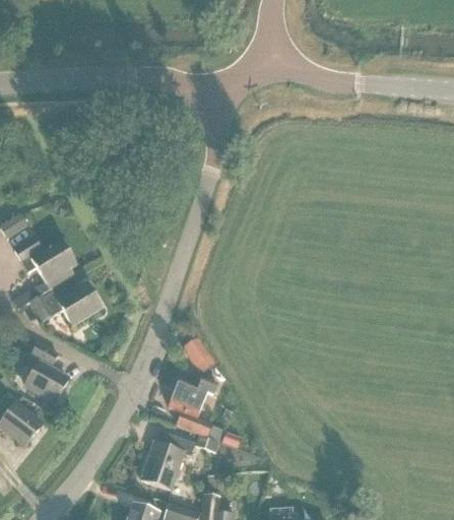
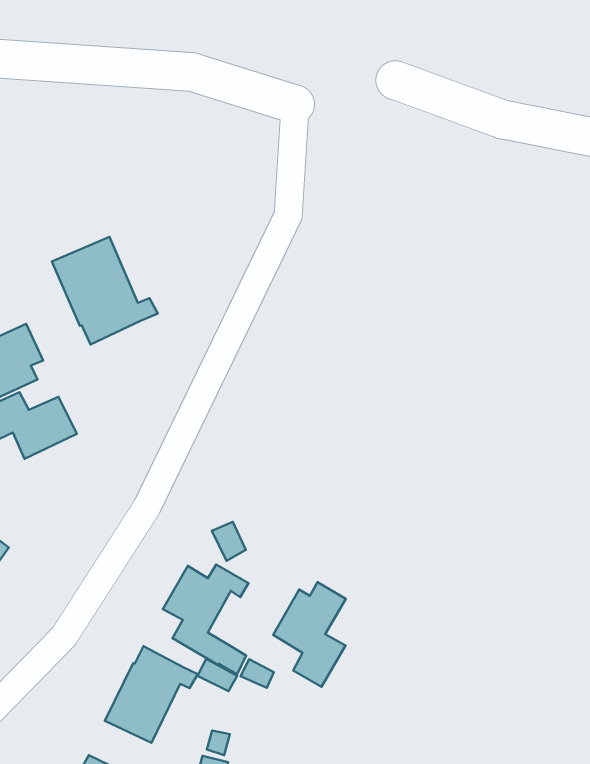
building: none -> [52,237,158,345]
building: none -> [273,582,346,687]

